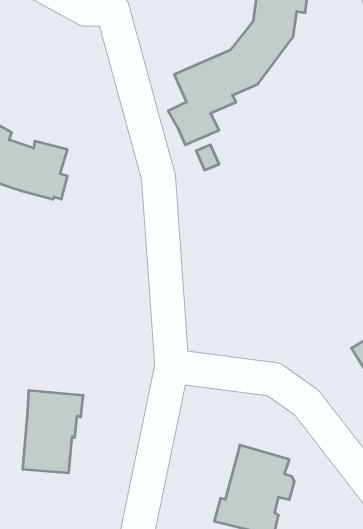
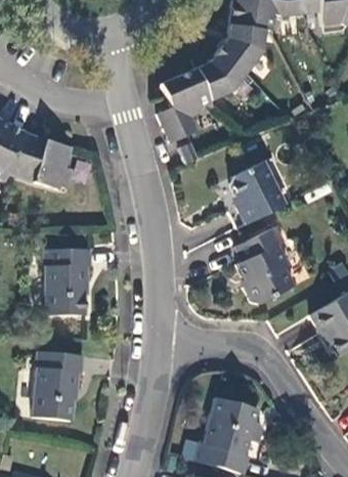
building: none -> [229,162,284,224]
building: none -> [235,225,295,303]
building: none -> [44,248,91,314]

